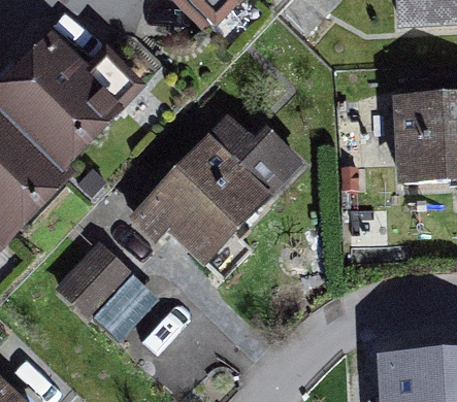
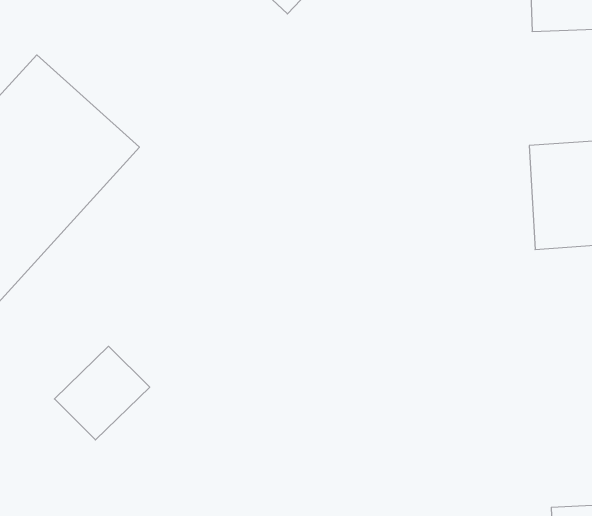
building: [146,131,297,259] -> none

